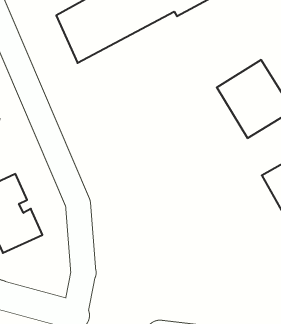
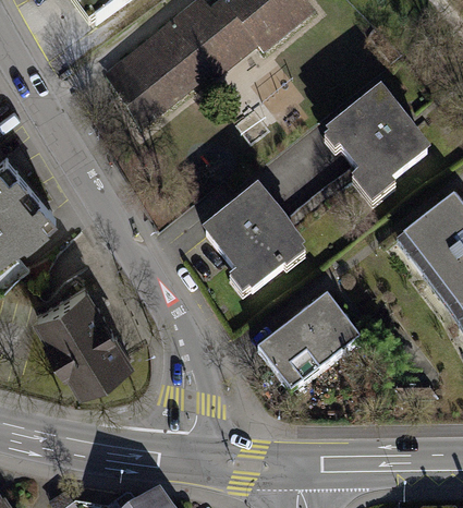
building: none -> [204,189,307,293]
building: none -> [260,300,360,391]

